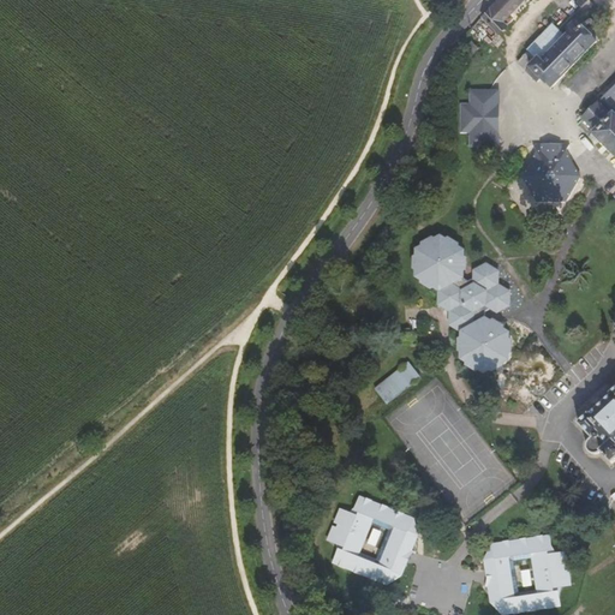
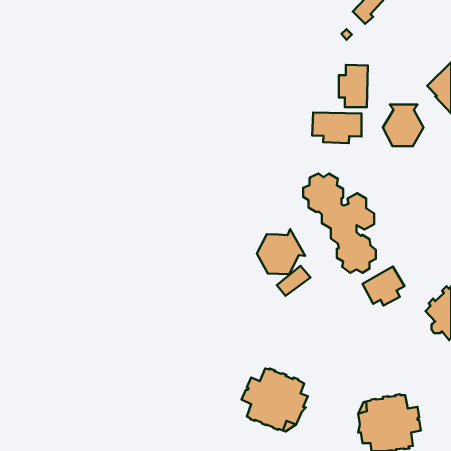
building: [517,19,596,88] -> none
building: none -> [312,113,361,143]
building: none -> [257,229,305,274]
building: none -> [362,267,404,305]

